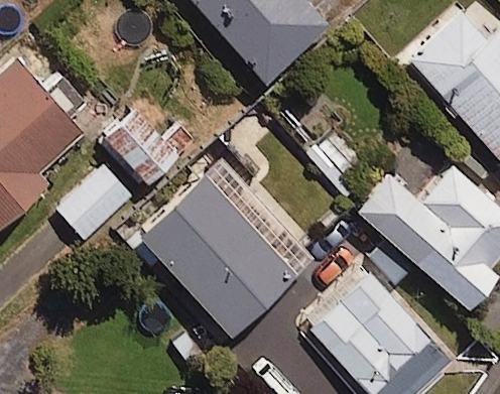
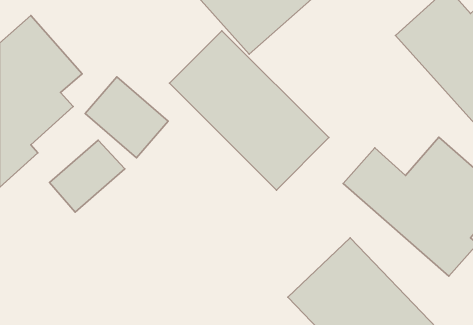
building: none -> [170,31,329,190]
building: [140,176,293,329] -> none

